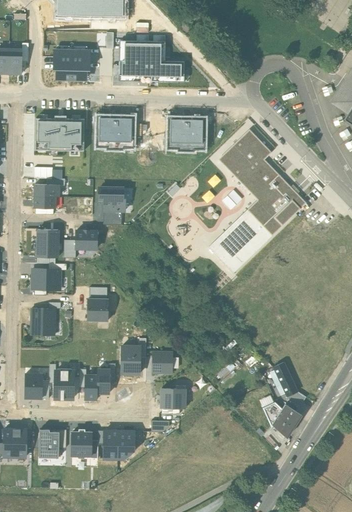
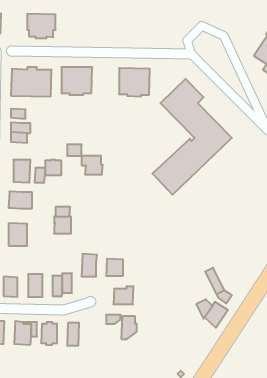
building: [118,40,184,81] -> none
building: [99,187,125,210] -> [82,156,103,174]
building: [117,430,136,458] -> [121,316,137,339]

